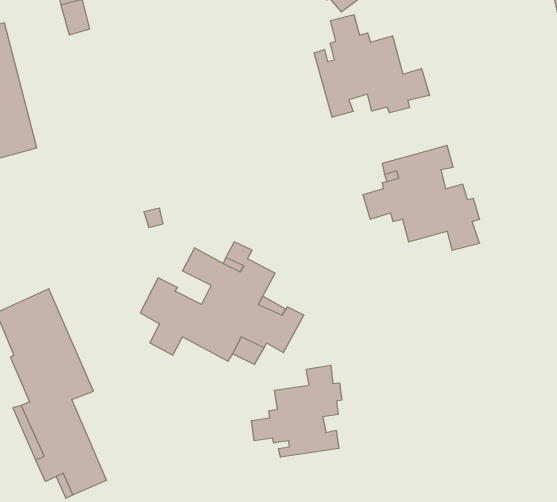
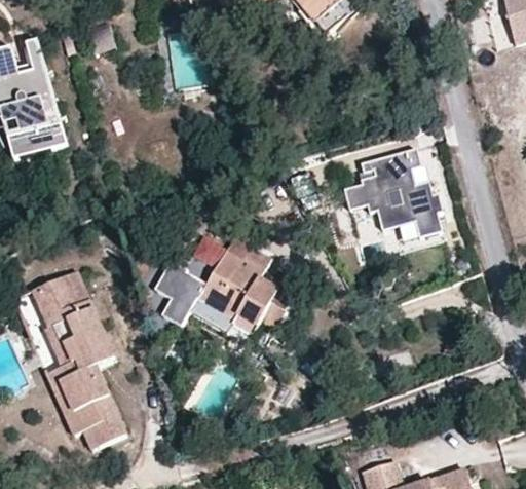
building: [314,15,429,117] -> none
building: [251,365,342,457] -> none

